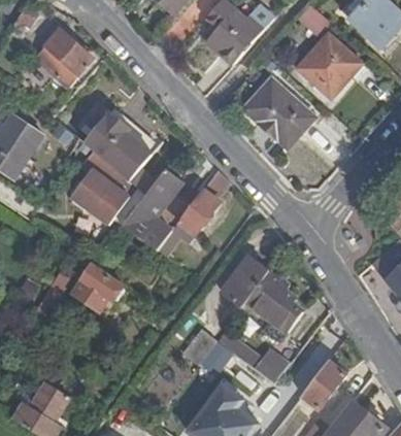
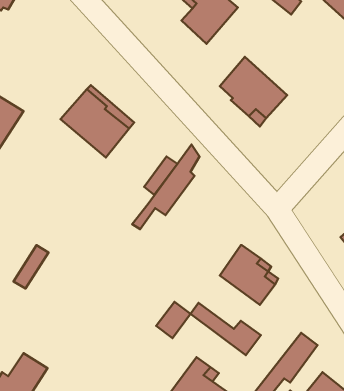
building: [34,30,93,89] -> none
building: [298,33,363,98] -> none
building: [122,167,182,249] -> none
building: [70,170,128,225] -> none
building: [221,257,267,307] -> none
building: [71,265,123,313] -> none

